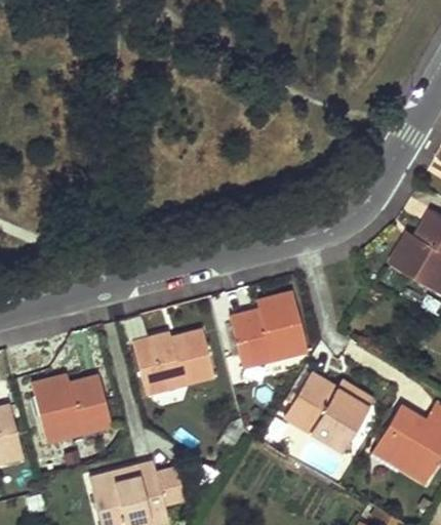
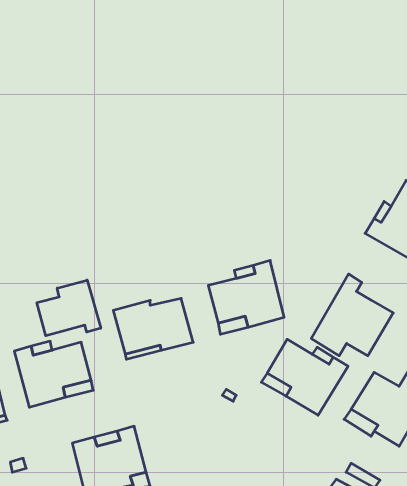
building: none -> [311,274,393,356]
building: none -> [37,280,101,336]

